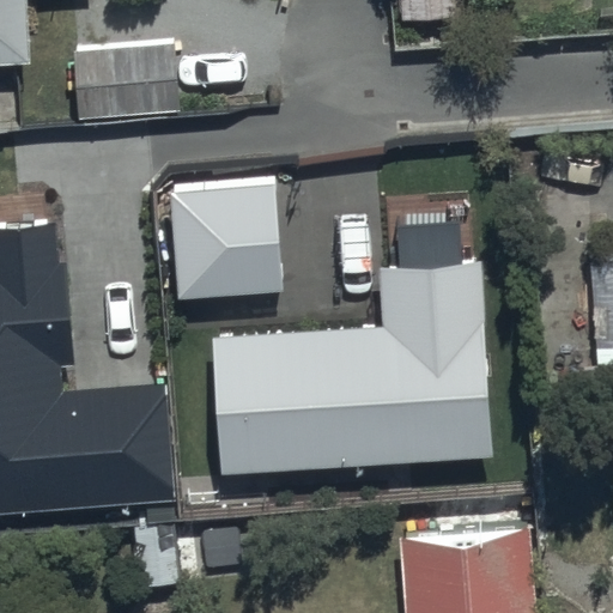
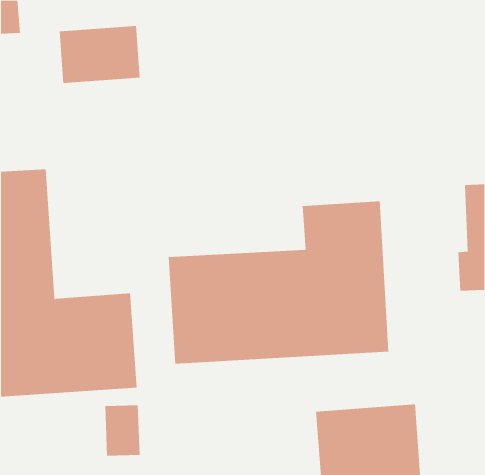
building: [174,192,285,303] -> none

